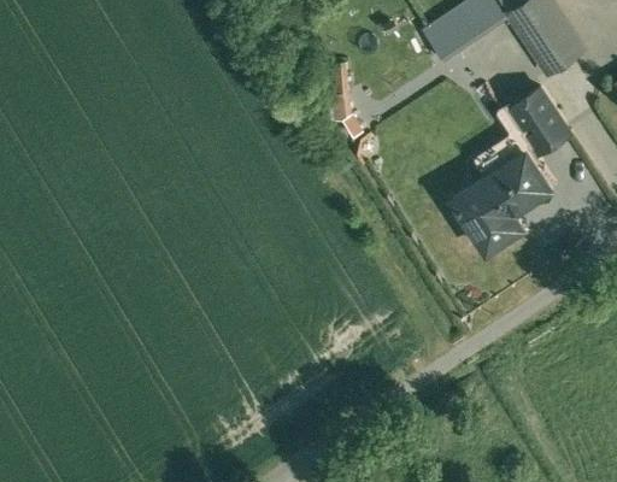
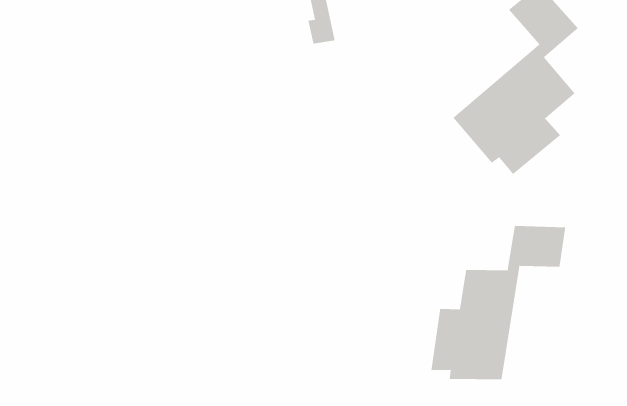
building: none -> [431,225,566,380]

